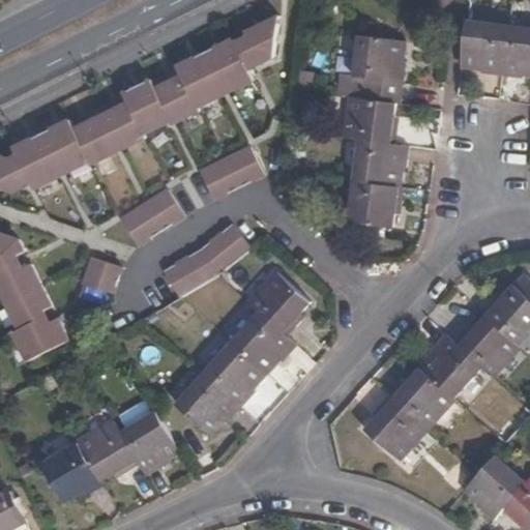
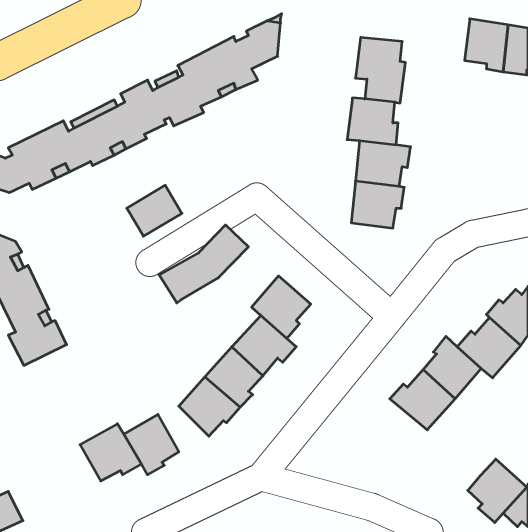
building: [198,142,262,195] -> none
building: [81,258,119,296] -> none
building: [364,396,425,459] -> none
building: [43,442,104,500] -> none

